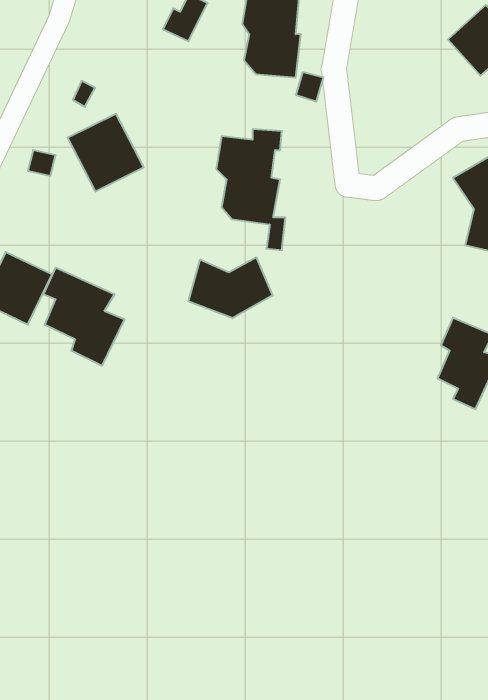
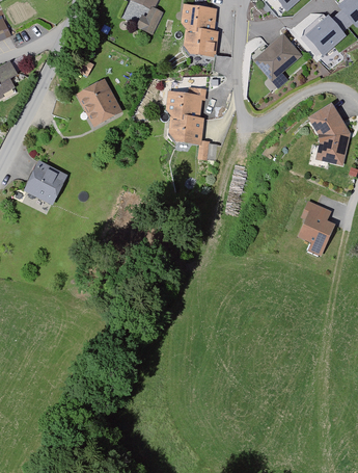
building: none -> [252,34,300,81]
building: [188,257,273,318] -> none
building: [44,268,124,366] -> none

